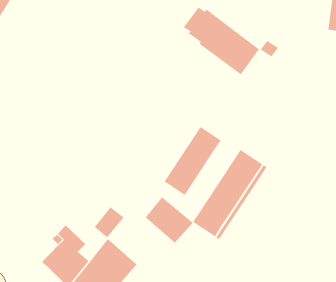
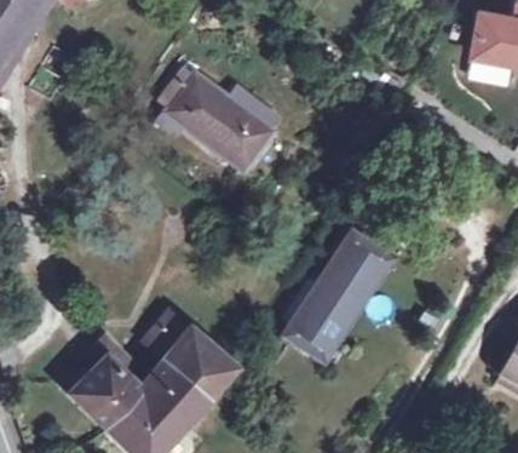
building: [183,7,260,75] -> [161,70,270,167]
building: [164,126,222,196] -> none
building: [145,197,194,243] -> [165,328,234,395]

